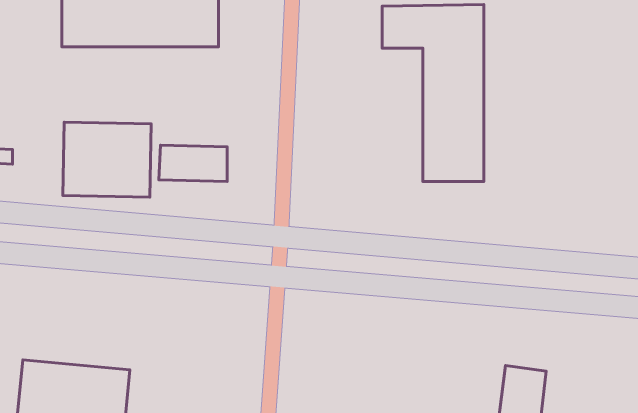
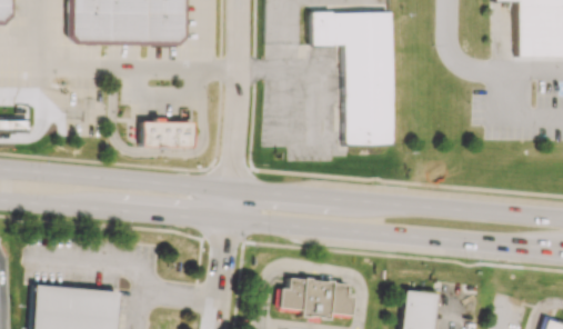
building: [63,122,151,197] -> none
building: none -> [280,277,353,319]

